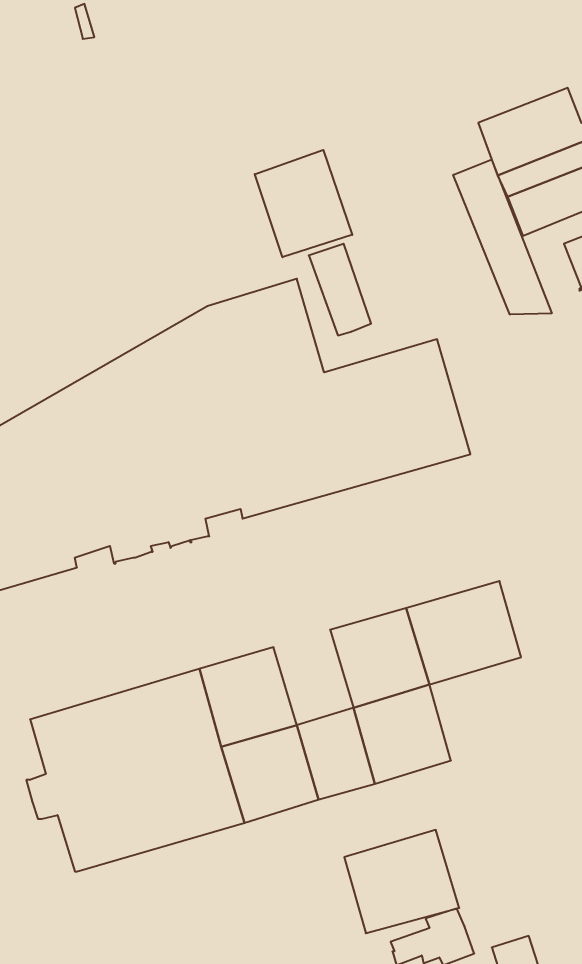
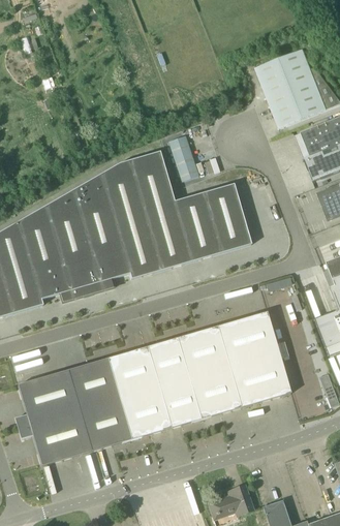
building: [255,150,352,257] -> none
building: [453,159,552,315] -> none
building: none -> [147,337,189,388]
building: [344,830,459,933] -> [229,351,290,406]

